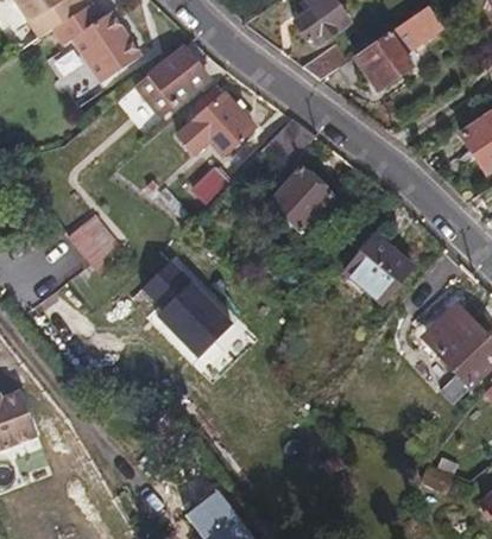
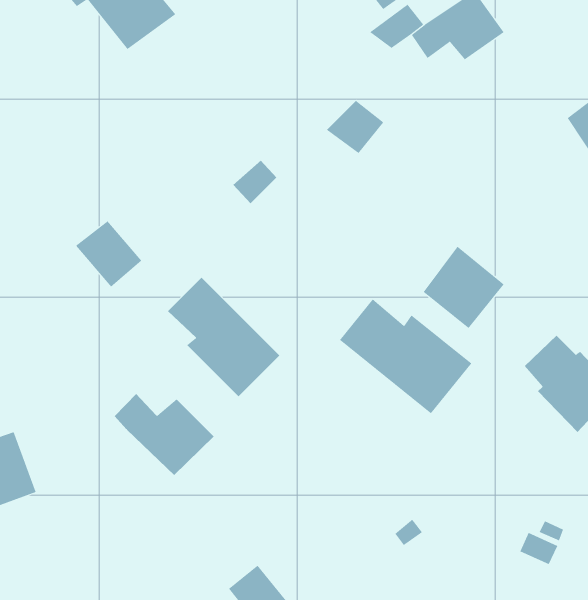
building: [135,47,207,116] -> none
building: [177,81,254,154] -> none
building: [267,169,330,236] -> none
building: none -> [339,298,472,414]
building: none -> [114,393,214,476]

